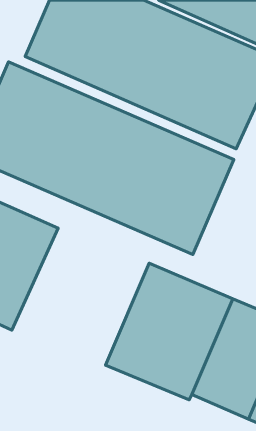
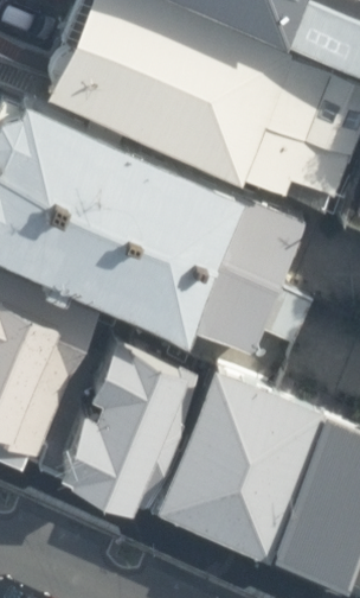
building: none -> [34,333,187,510]

